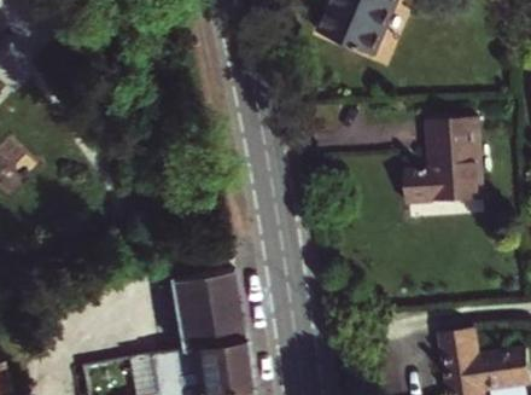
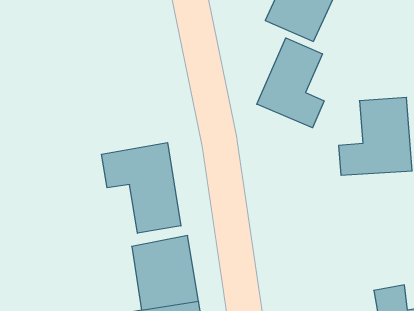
building: none -> [257,38,324,128]
building: none -> [102,143,181,233]

